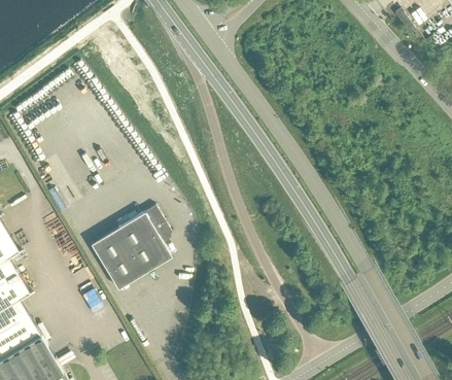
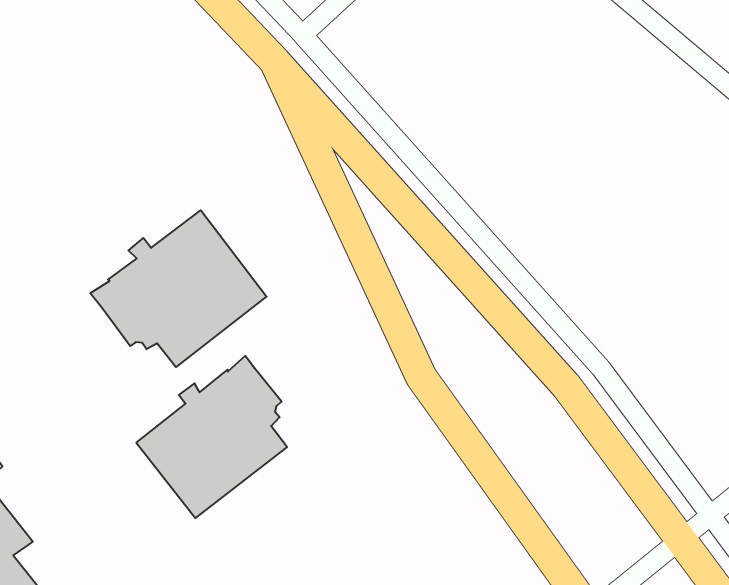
building: none -> [90,210,267,367]

